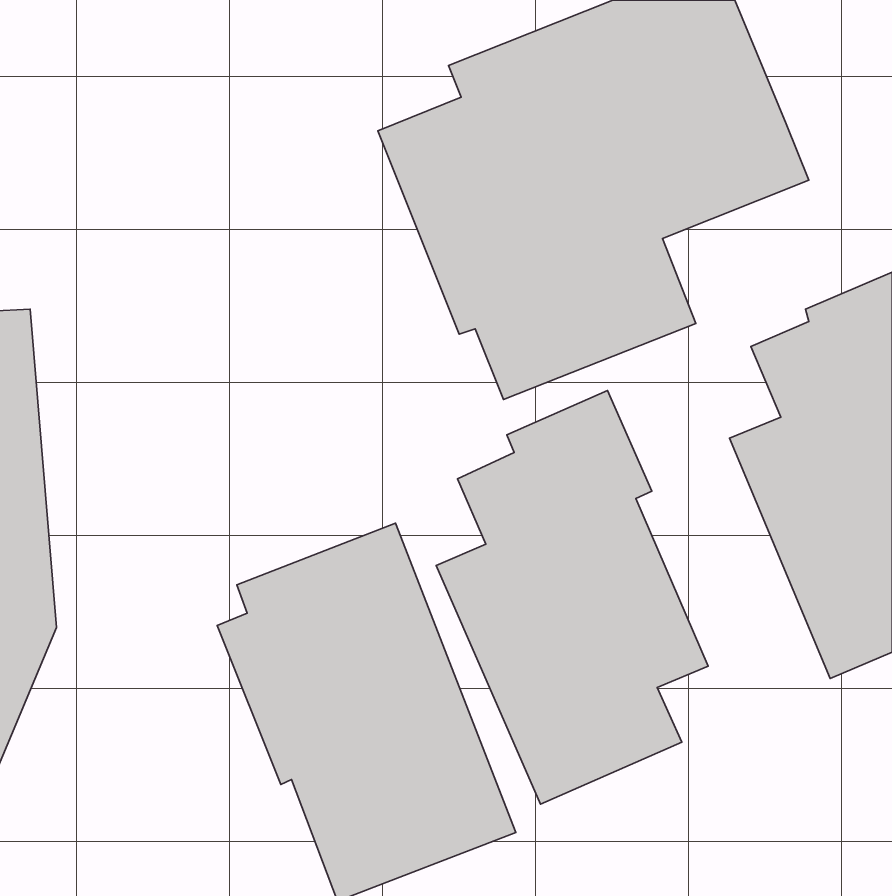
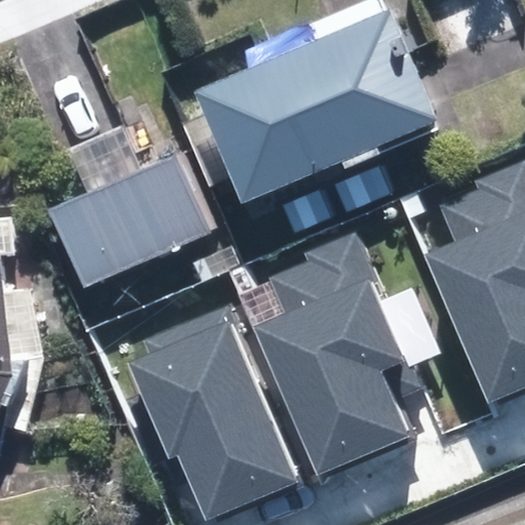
building: none -> [66,121,226,280]

